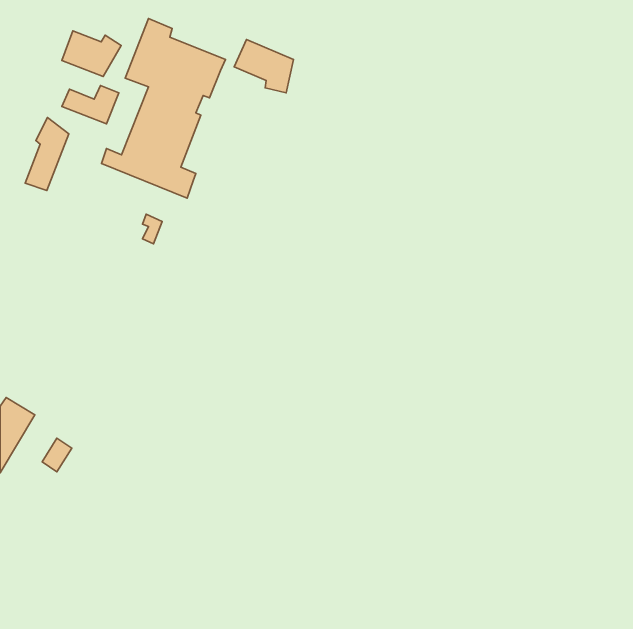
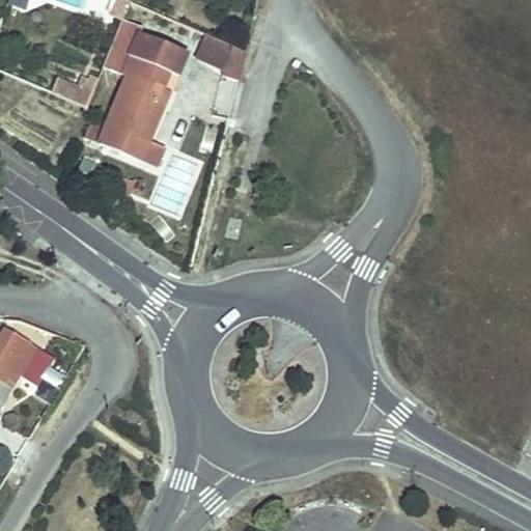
building: [62,31,121,77] -> none
building: [25,118,69,191] -> none

